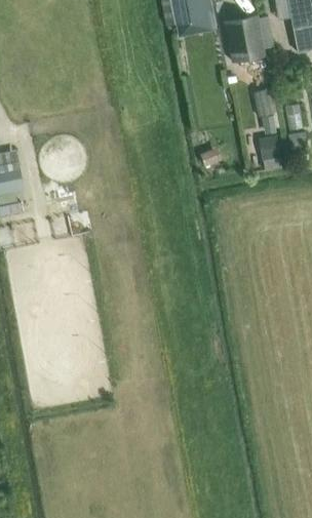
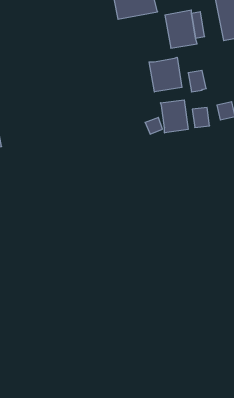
building: none -> [149,57,182,92]
building: none -> [161,100,188,133]

